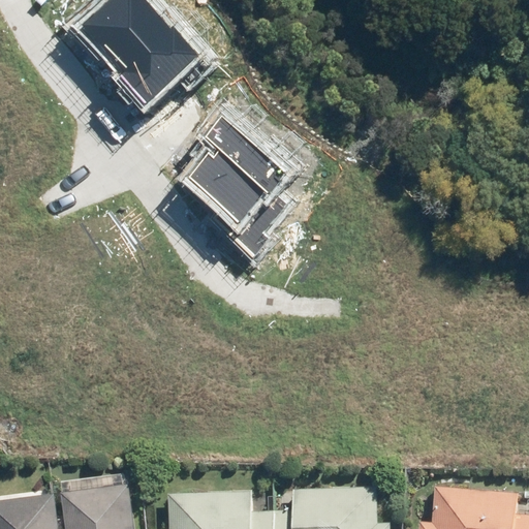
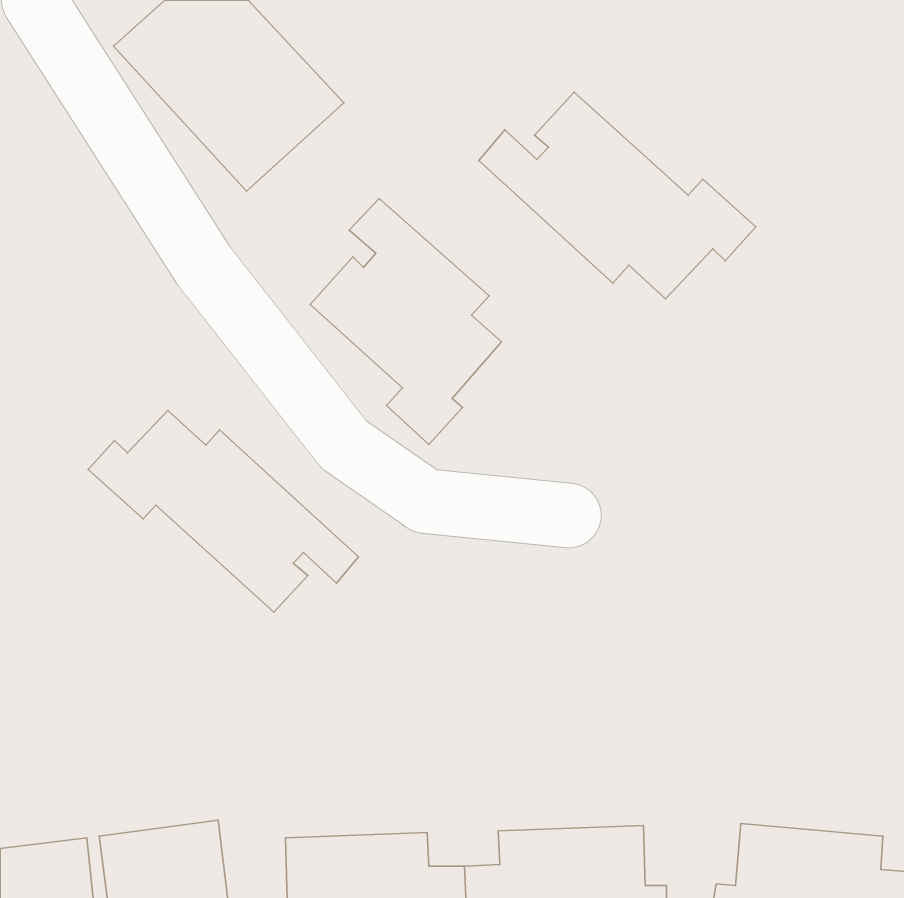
building: none -> [479,92,756,299]
building: none -> [88,410,359,612]

